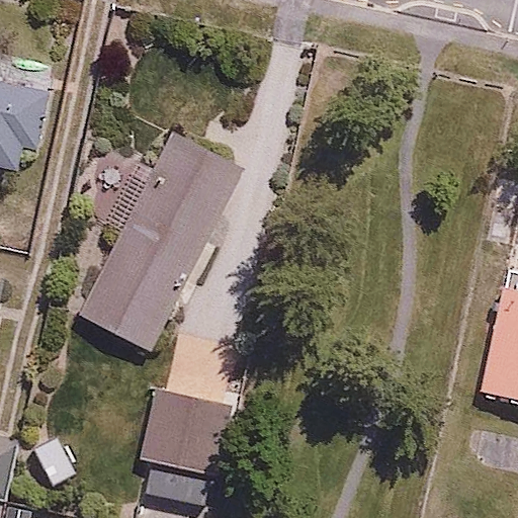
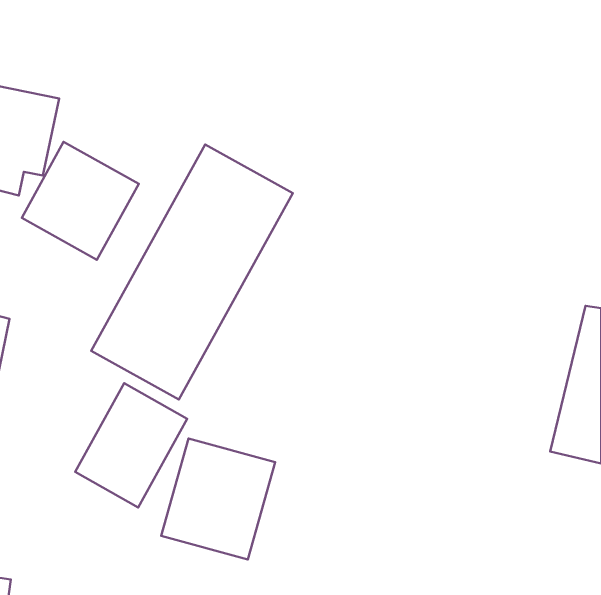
building: none -> [22,142,139,260]
building: none -> [75,383,187,507]

